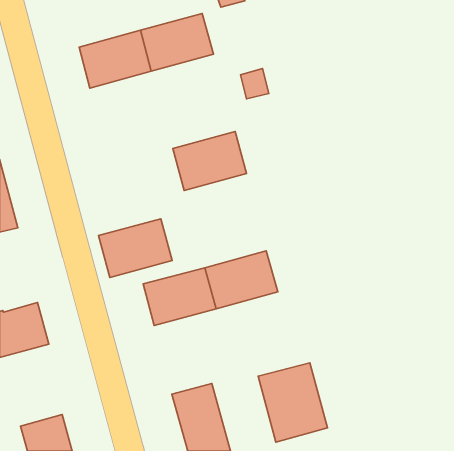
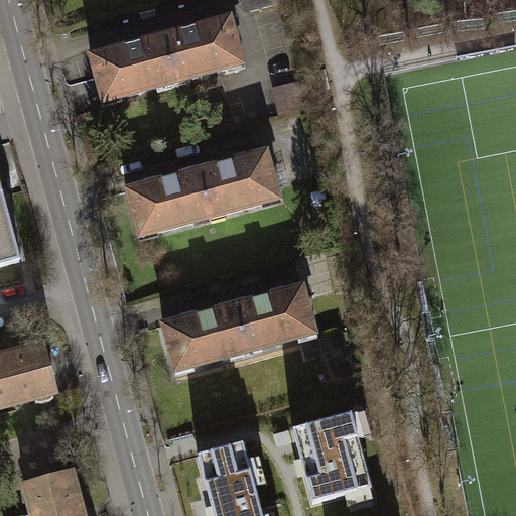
building: [98,219,172,277] -> [125,168,209,235]

